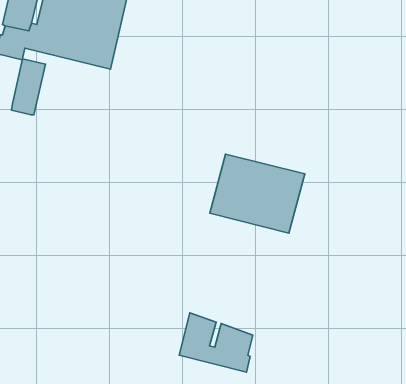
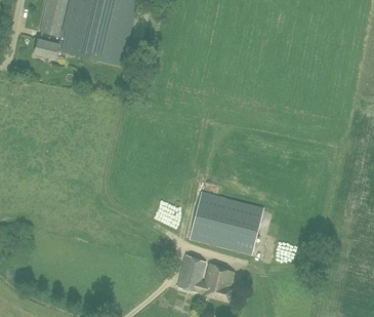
building: [12,59,46,115] -> none
building: [210,154,305,233] -> [189,192,262,253]

